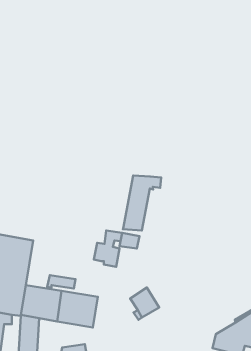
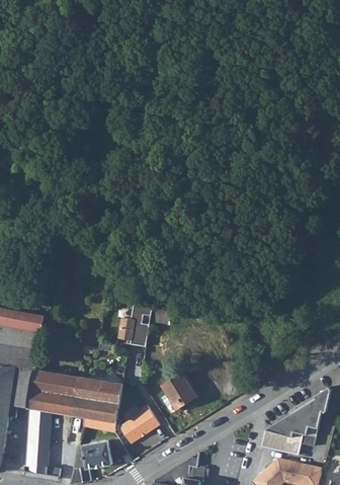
building: [123,176,161,231] -> none
building: [47,275,75,288] -> [82,416,116,432]
building: none -> [121,406,159,444]

